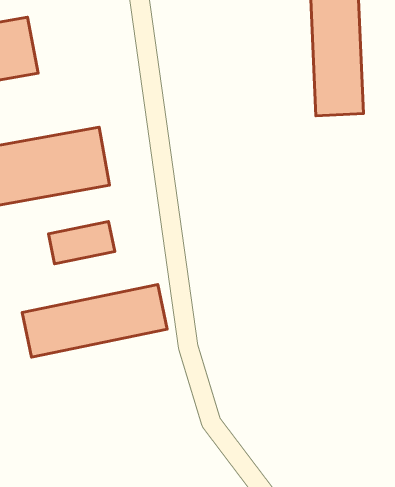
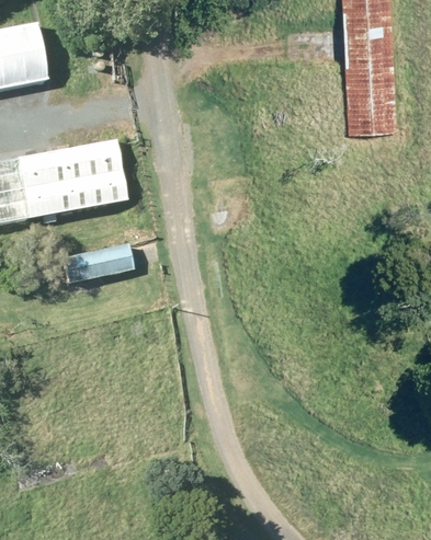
building: [22,284,167,357] -> none

